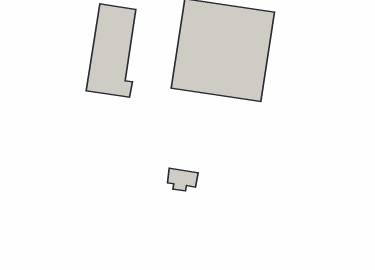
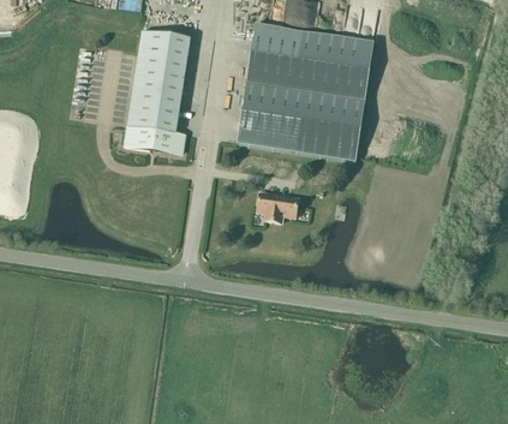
building: [167,168,198,191] -> [257,191,298,221]

